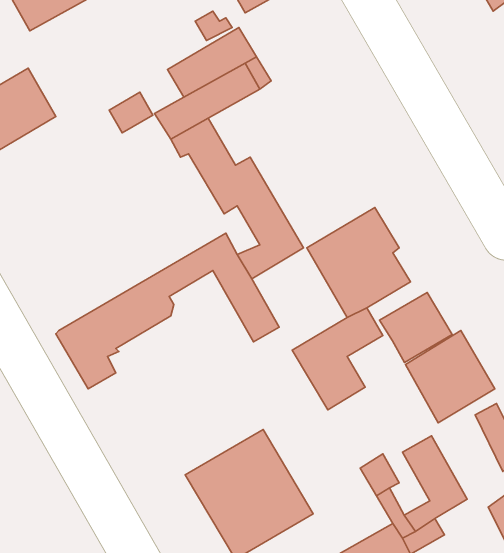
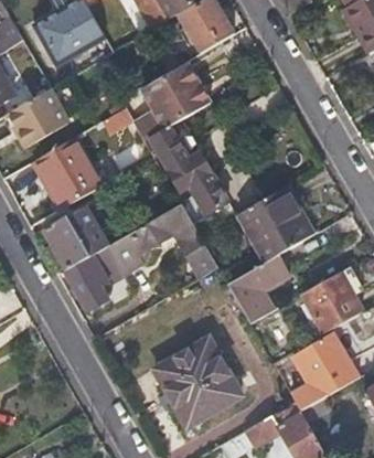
building: none -> [42,151,103,210]
building: none -> [44,207,108,269]
building: [379,292,452,362] -> none

